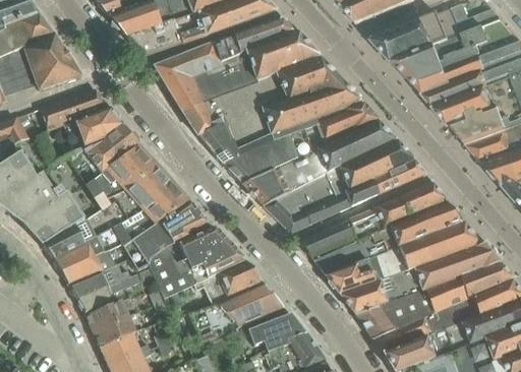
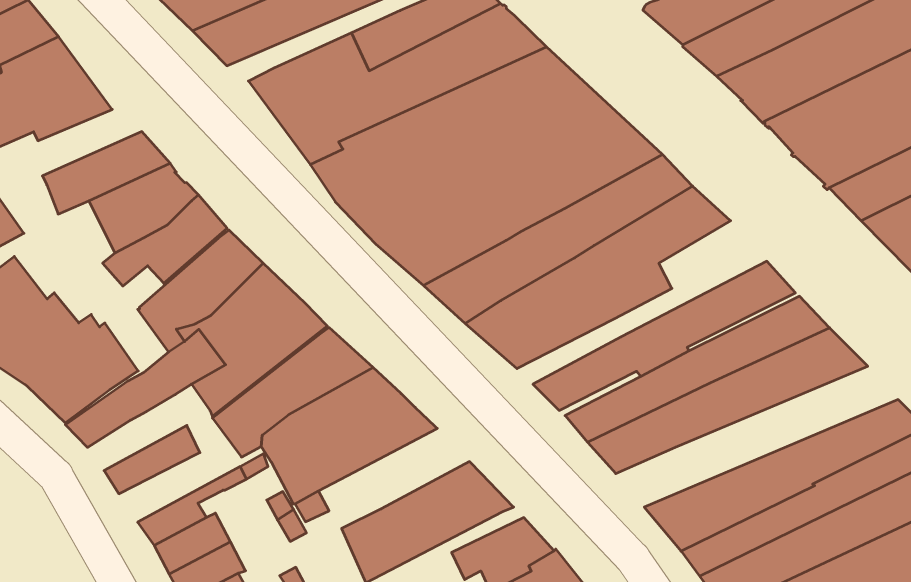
building: [372,160,424,194] -> none
building: [54,228,122,271] -> none
building: [341,244,498,312] -> none
building: [194,261,262,303] -> none
building: [69,263,131,301] -> none

